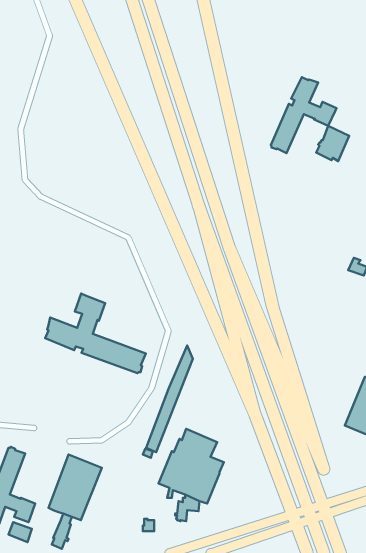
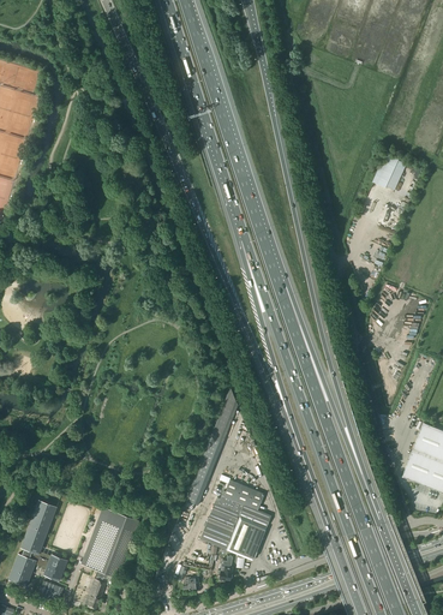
building: [271,77,337,153] -> none
building: [45,294,146,373] -> none

